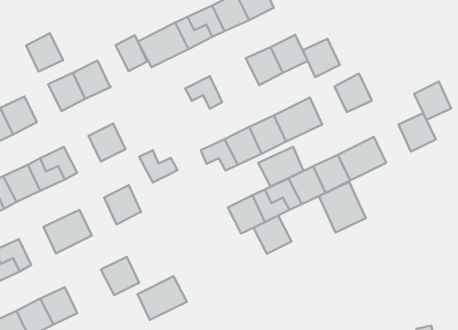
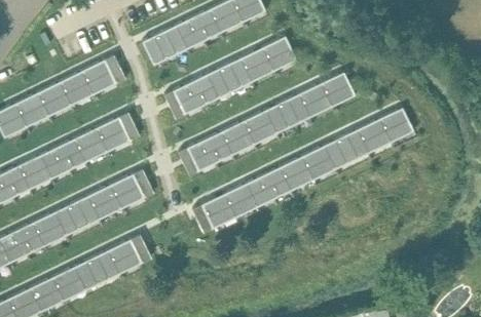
building: [26,33,63,71] -> [37,80,71,115]
building: [116,35,147,71] -> none
building: [303,39,340,77] -> [298,82,332,117]
building: none -> [207,56,252,96]
building: [414,82,451,120] -> [357,117,391,152]
building: none -> [173,84,207,114]
building: none -> [73,127,107,161]
building: [258,147,304,186] -> none
building: [139,150,177,183] -> [186,141,221,170]
building: [319,182,366,232] -> none
building: none -> [87,184,121,219]
building: [253,216,292,254] -> [200,193,235,228]
building: none -> [32,210,66,245]
building: [137,276,187,320] -> [74,249,119,289]

